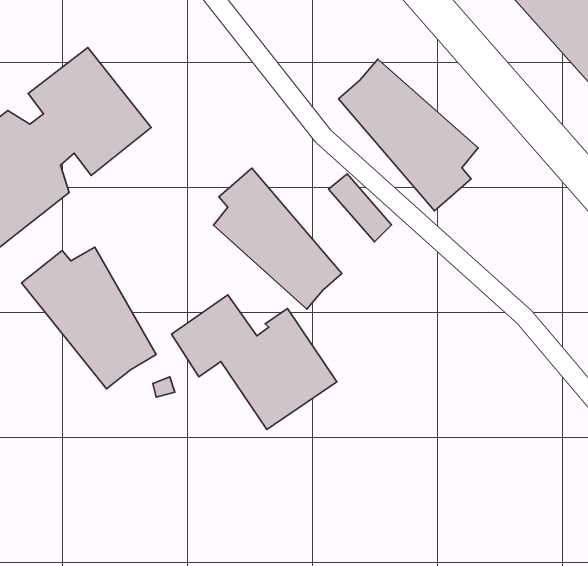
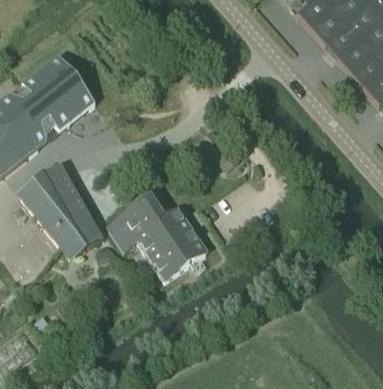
building: [339,59,478,211] -> none
building: [213,168,342,309] -> none

